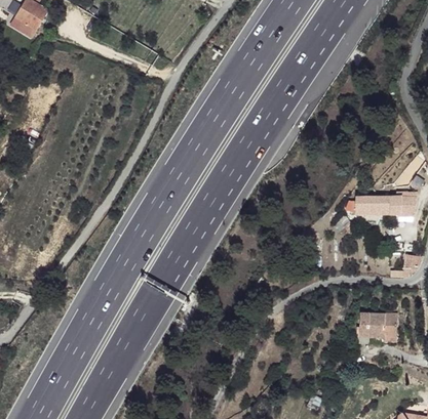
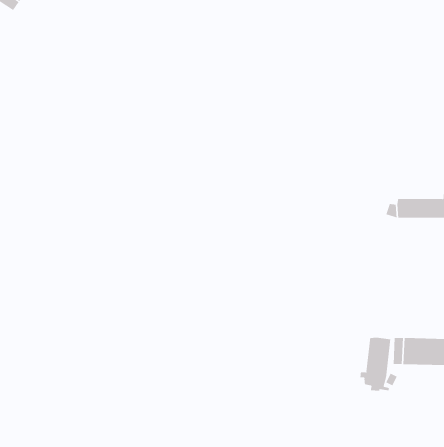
building: none -> [360,337,391,392]

